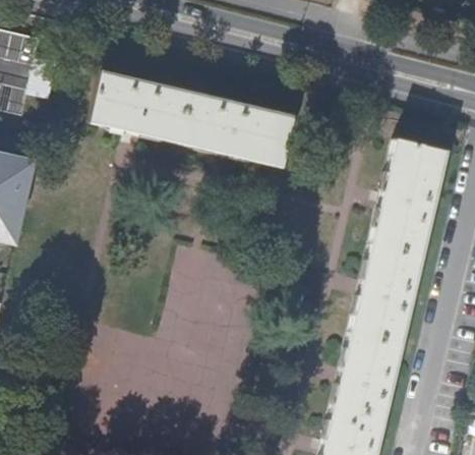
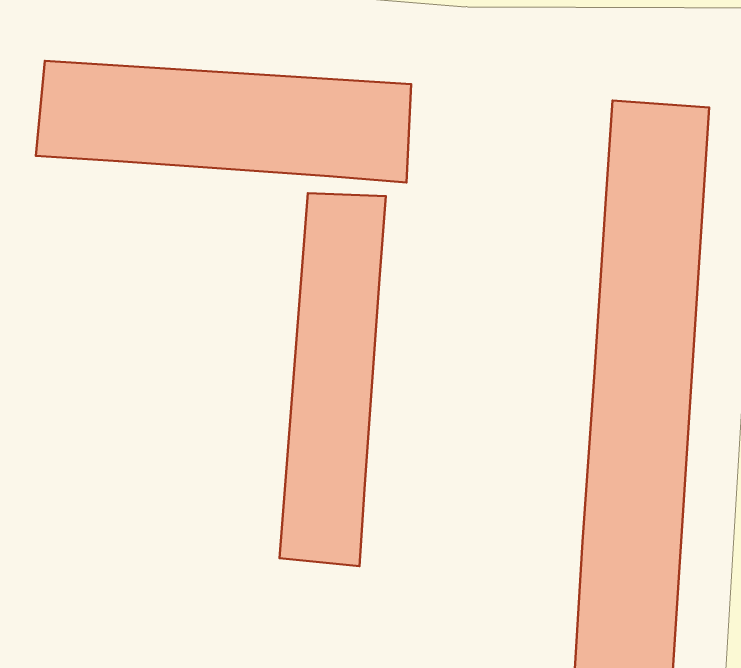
building: none -> [280,193,386,566]

